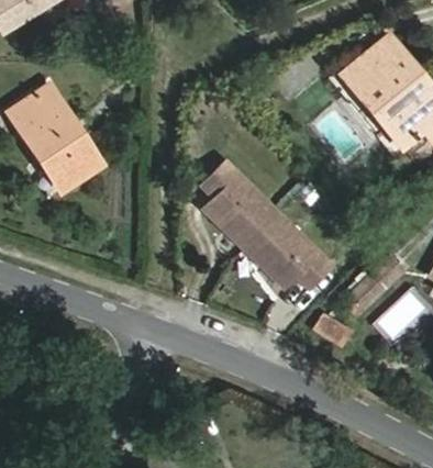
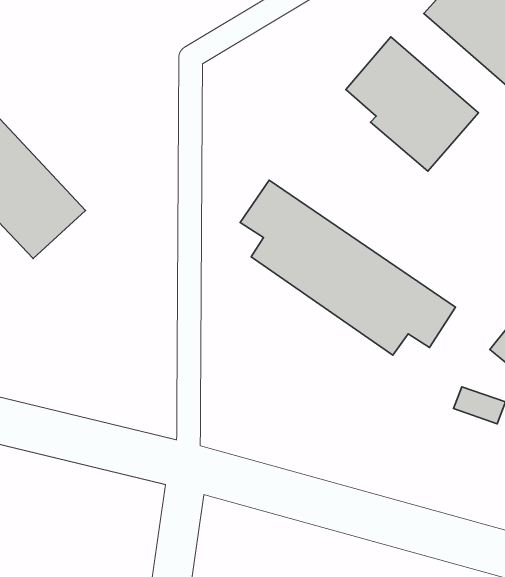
building: none -> [346,37,478,171]

